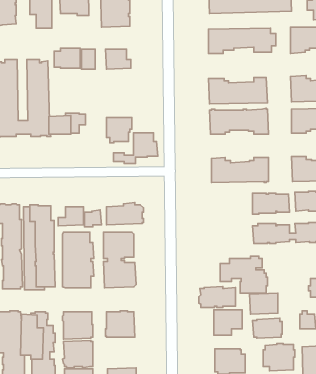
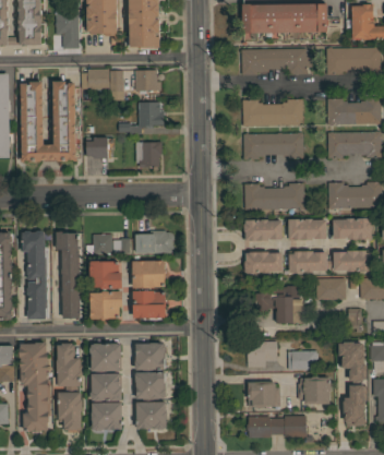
building: [114,133,158,163] -> [119,103,165,134]
building: none -> [242,220,280,243]
building: [199,286,236,307] -> [242,252,280,274]
building: [249,293,278,314] -> [316,278,346,300]
building: none -> [136,372,167,399]

